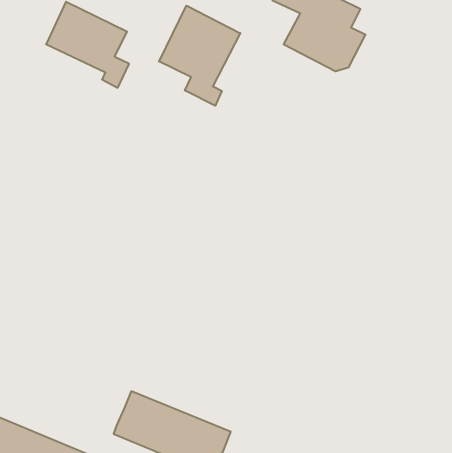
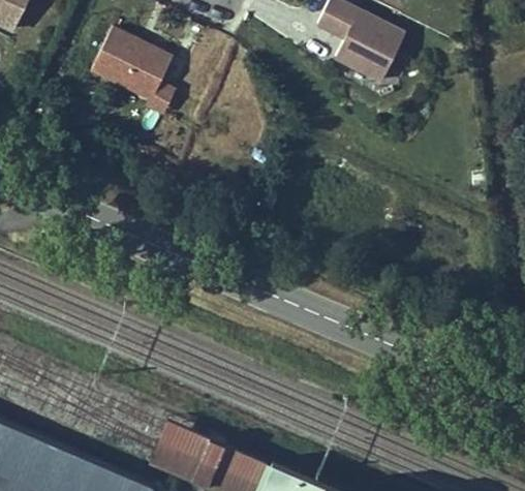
building: [159,6,240,106] -> none

